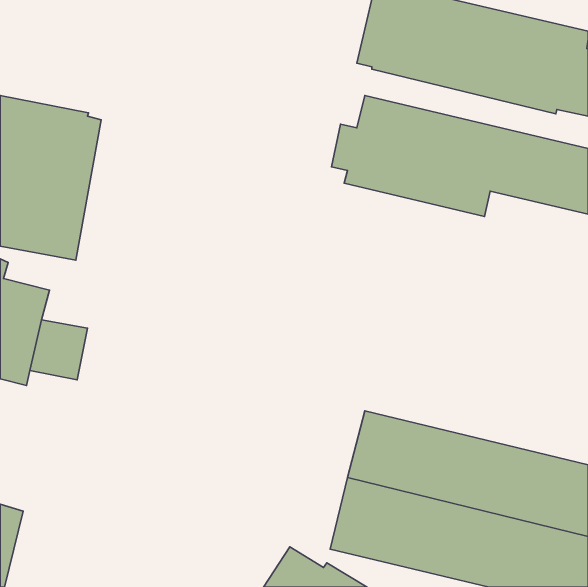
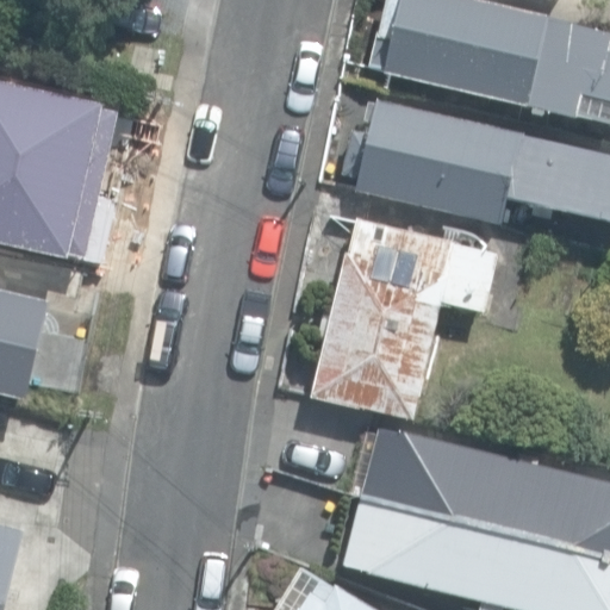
building: none -> [312,219,498,419]

